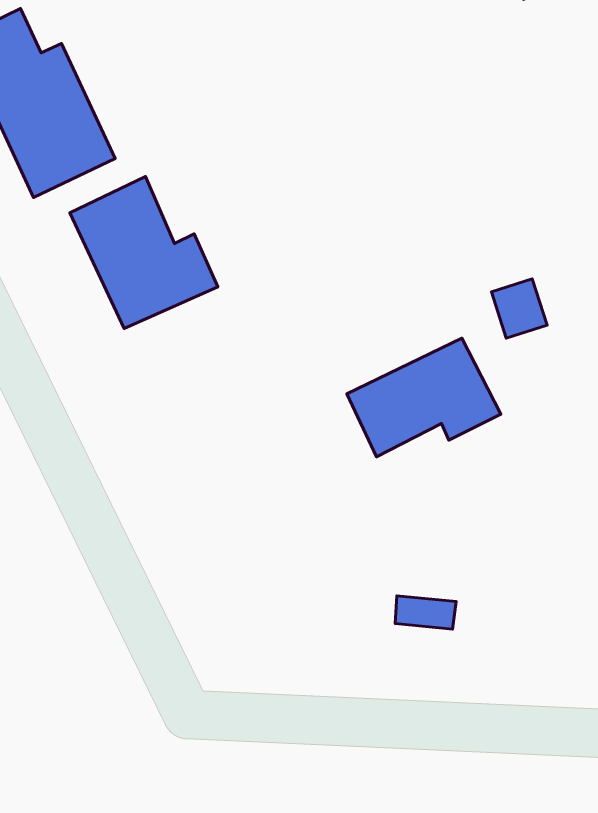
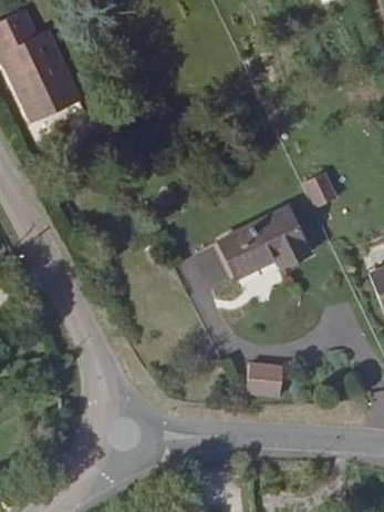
building: [70,177,218,328] -> none

